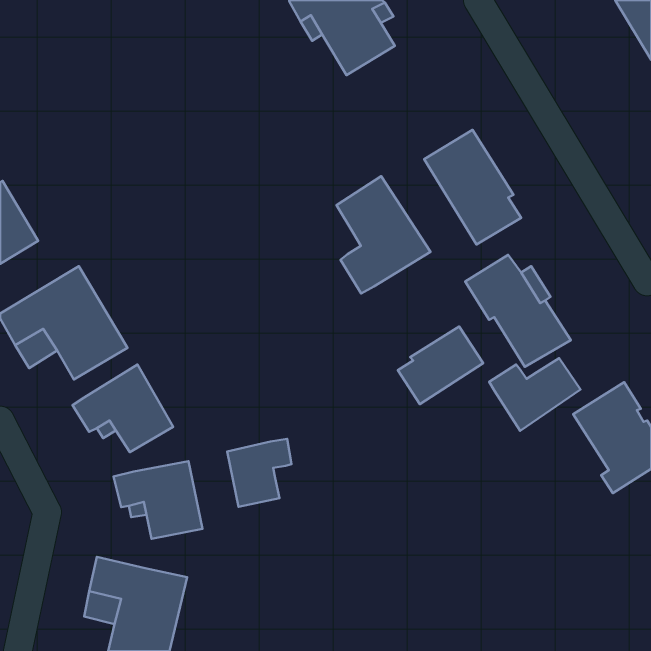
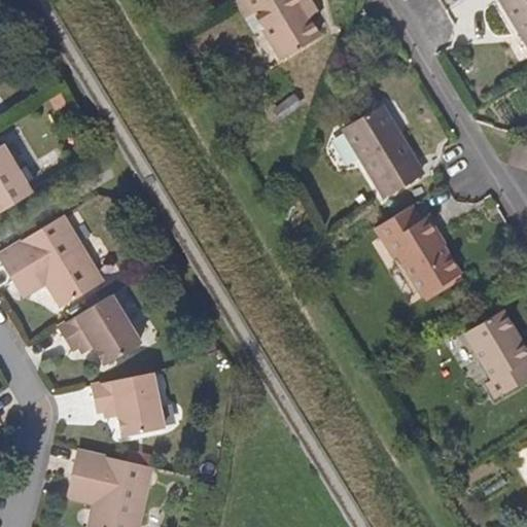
building: [337,176,431,294] -> none
building: [398,326,483,404] -> none
building: [489,358,581,431] -> none
building: [227,439,292,507] -> none

